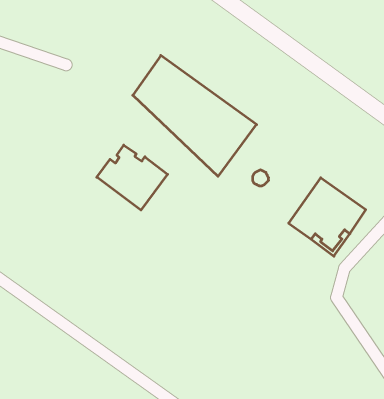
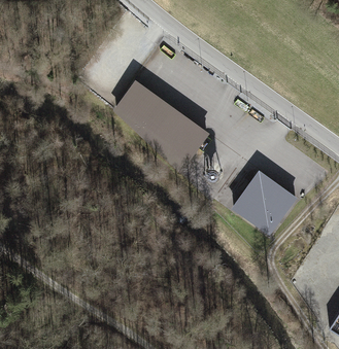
building: [97,145,168,210] -> none

